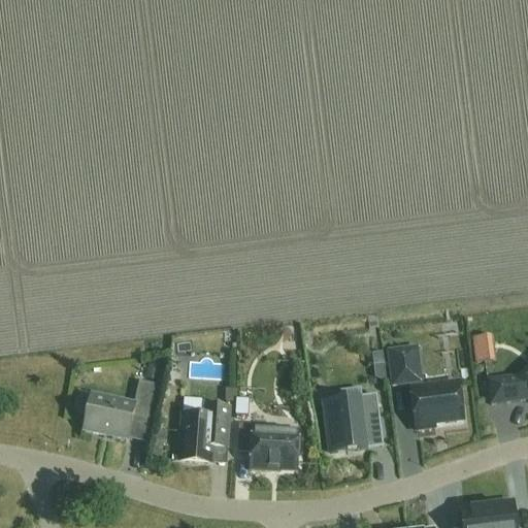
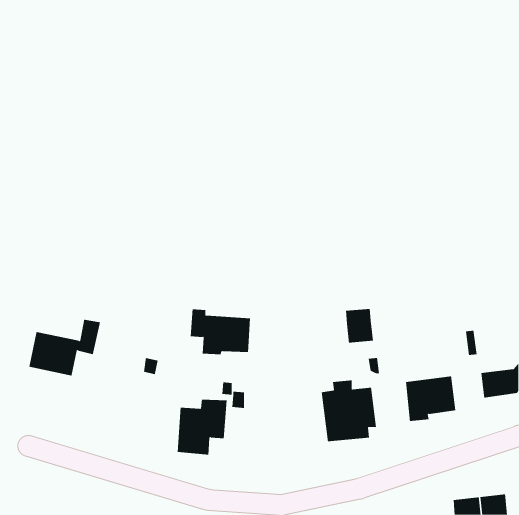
building: [387,346,416,382] -> [345,308,374,343]
building: [84,381,157,438] -> [29,319,101,376]
building: [237,423,299,469] -> [190,309,251,355]

